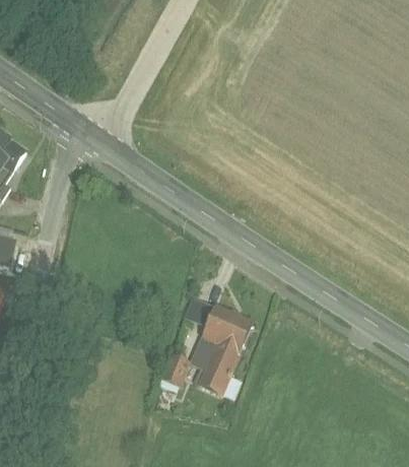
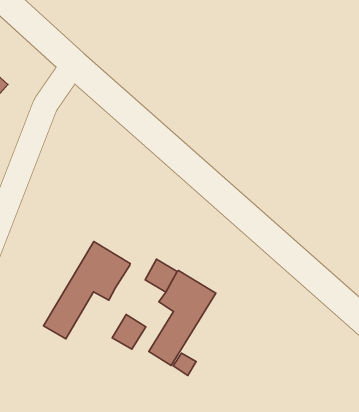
building: none -> [44,241,130,339]

